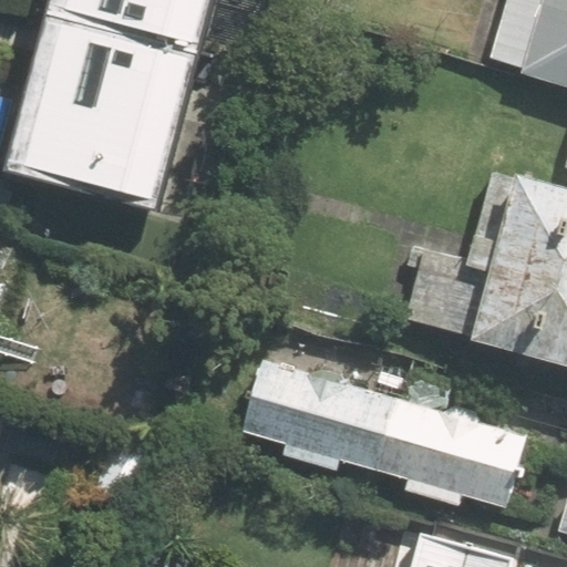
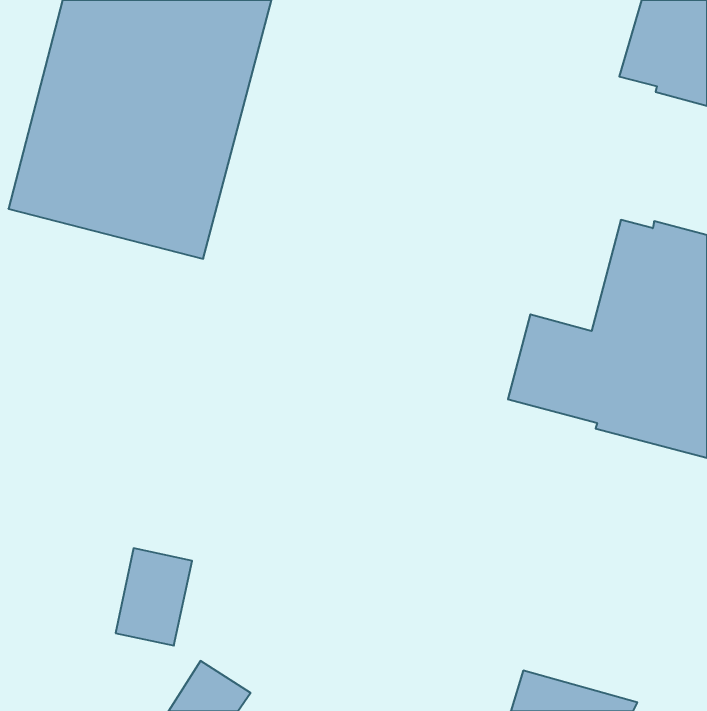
building: [244,357,528,506] -> none

